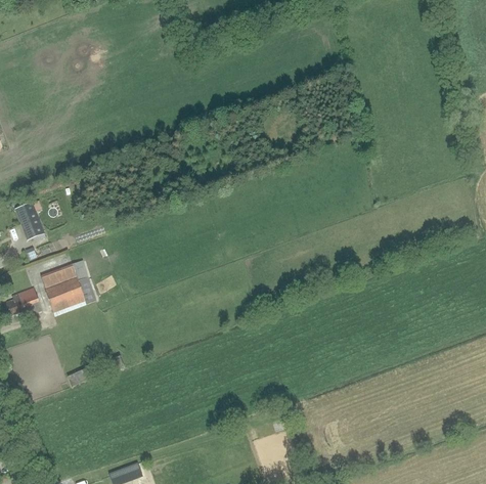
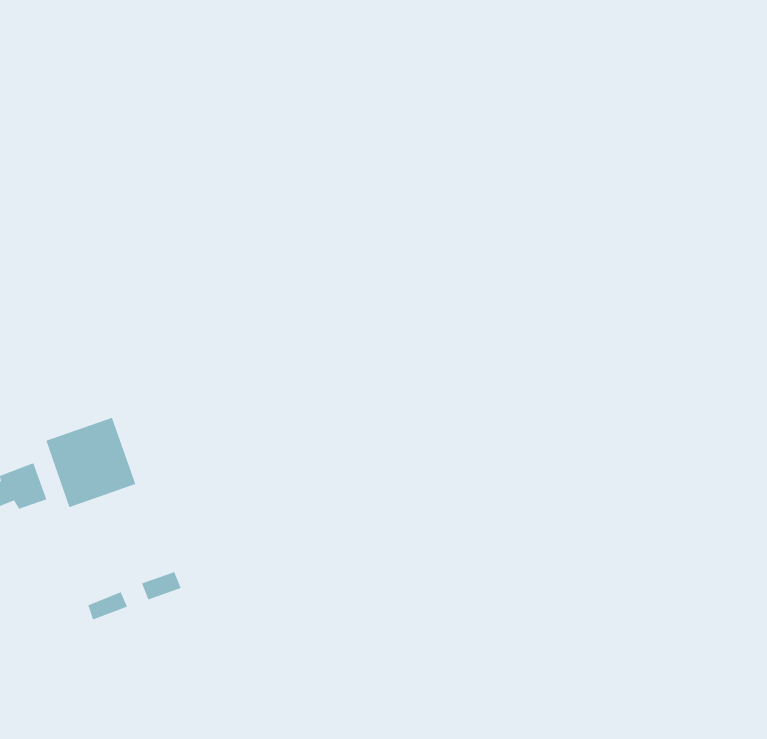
building: [16,200,43,237] -> none

